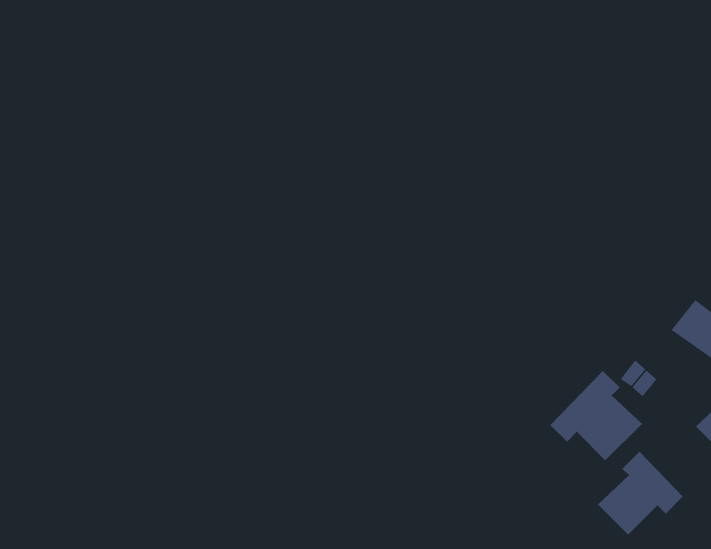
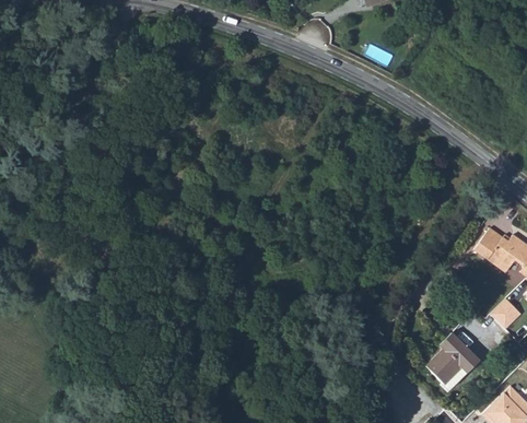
building: [550,370,643,461] -> none

